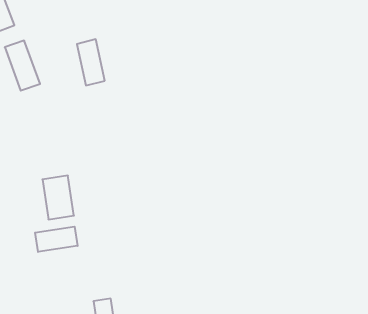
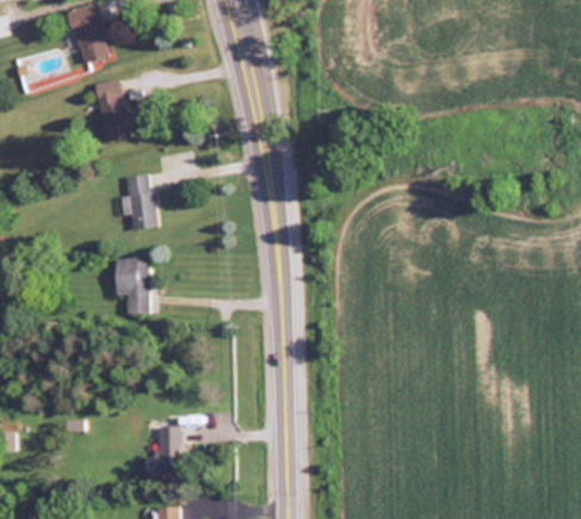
building: [77,39,105,85] -> [129,174,157,231]
building: [35,227,78,252] -> none

